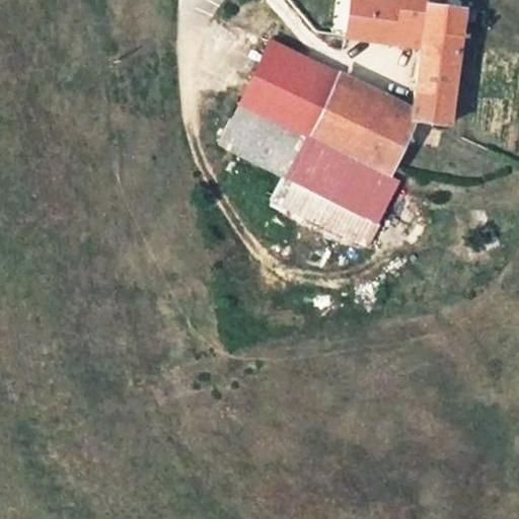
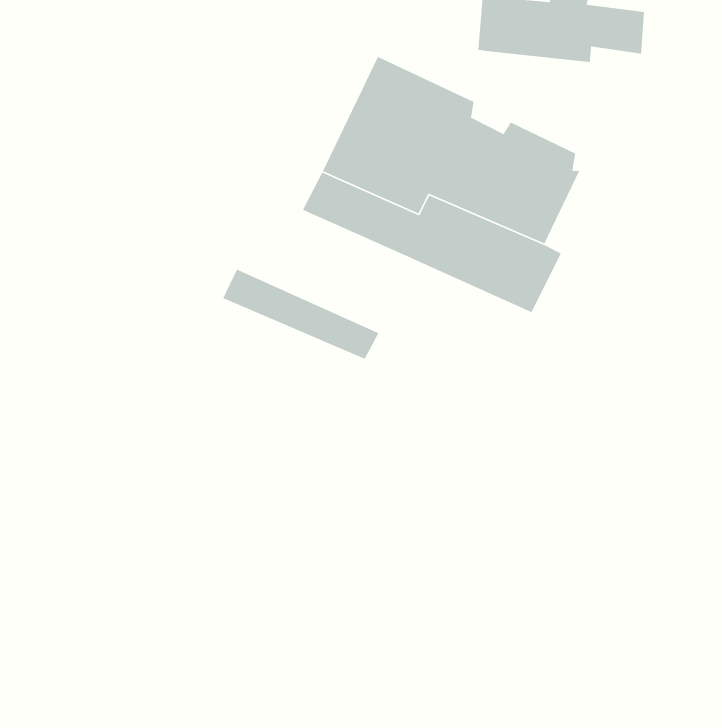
building: [413,33,461,124] -> none
building: [272,176,383,241] -> [222,268,379,360]

